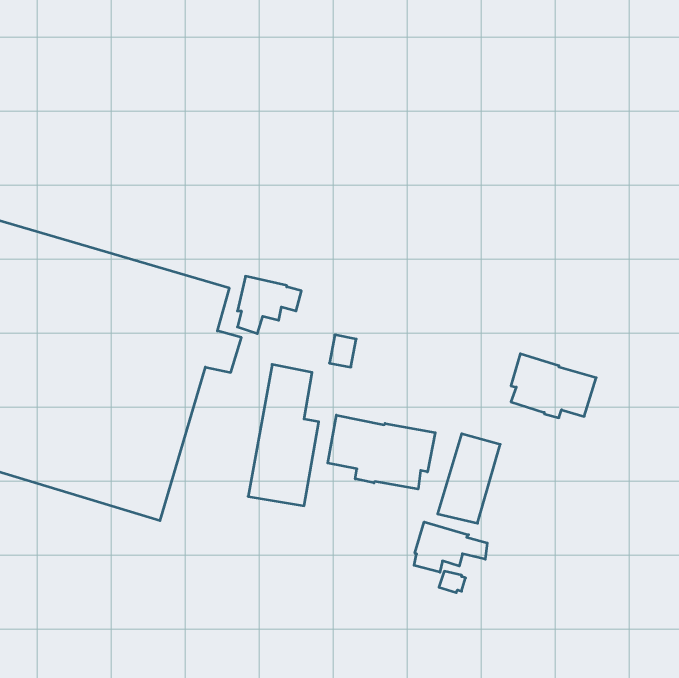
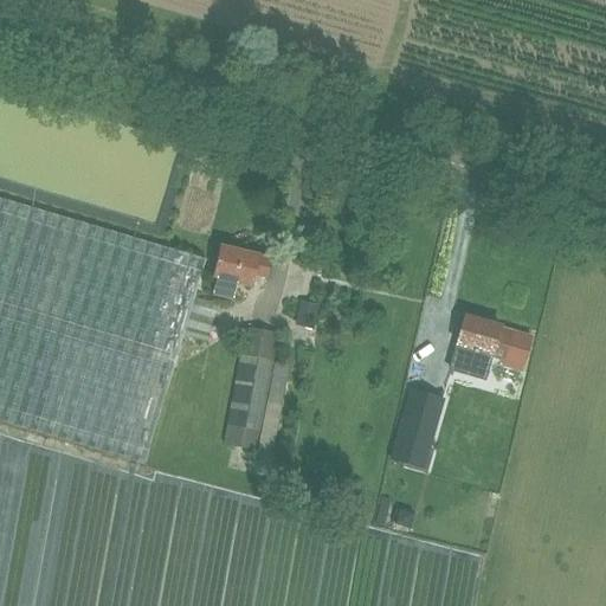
building: [328,415,435,489] -> none
building: [414,522,487,572] -> none

